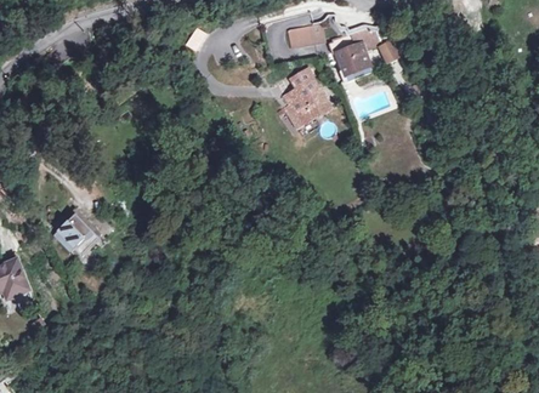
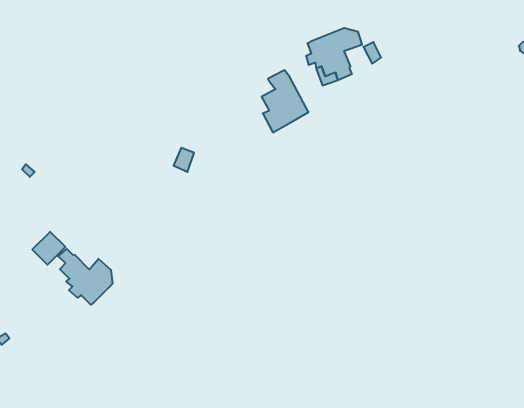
building: [291,22,324,41] -> none
building: none -> [58,249,112,305]

